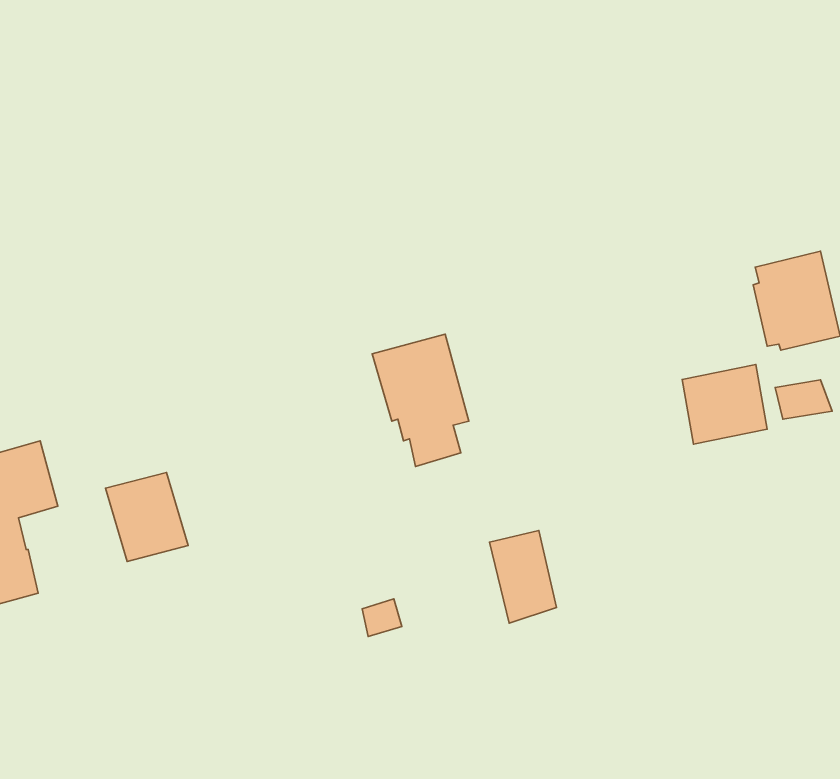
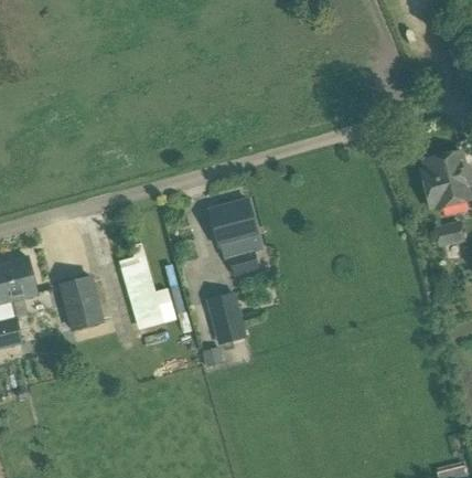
building: [682,365,767,444] -> none
building: none -> [116,247,178,330]
building: [489,530,557,623] -> [208,294,246,346]

